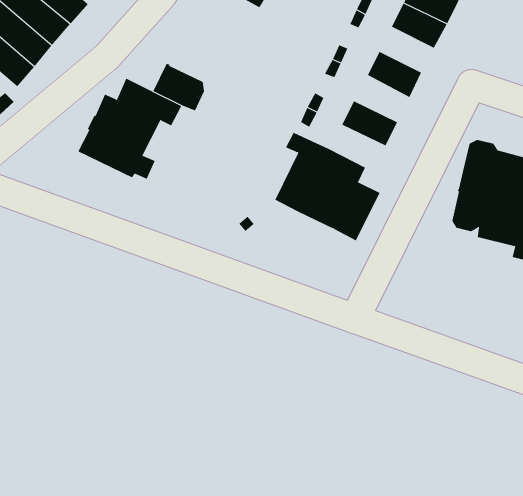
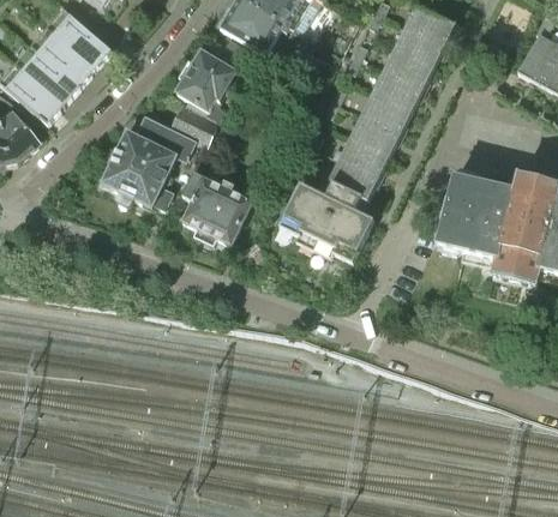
building: none -> [178,50,238,121]
building: none -> [373,70,422,110]
building: none -> [350,113,401,155]
building: none -> [329,157,379,199]
building: none -> [182,172,252,244]

